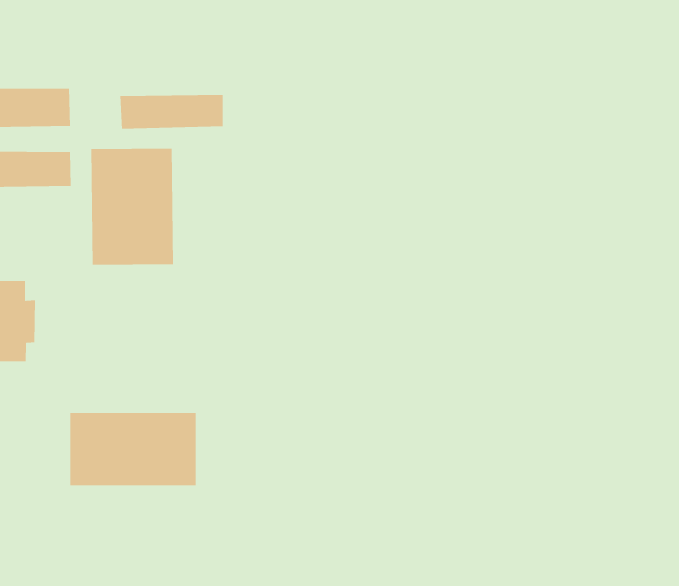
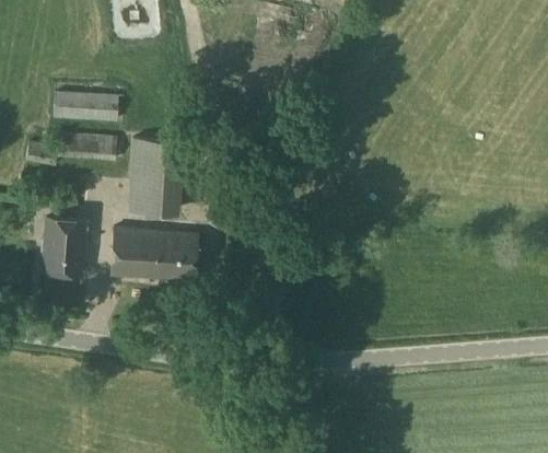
building: [120,94,224,129] -> none
building: [70,412,197,486] -> [110,226,197,280]

